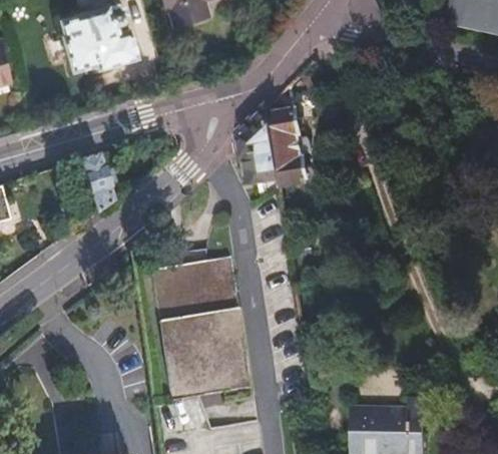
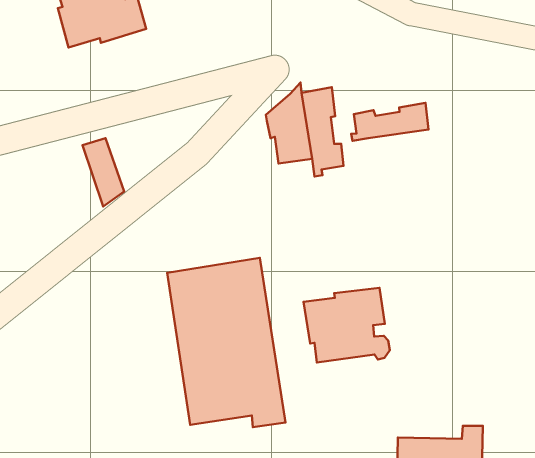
building: none -> [351,103,428,141]
building: none -> [304,288,390,363]

